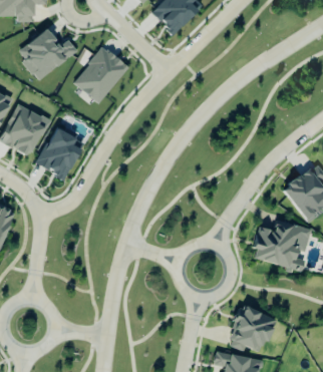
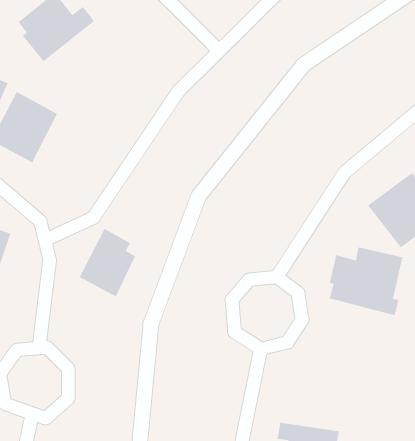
building: [73,45,128,102] -> none
building: [37,126,80,178] -> [79,228,136,297]
building: [227,305,277,352] -> none

